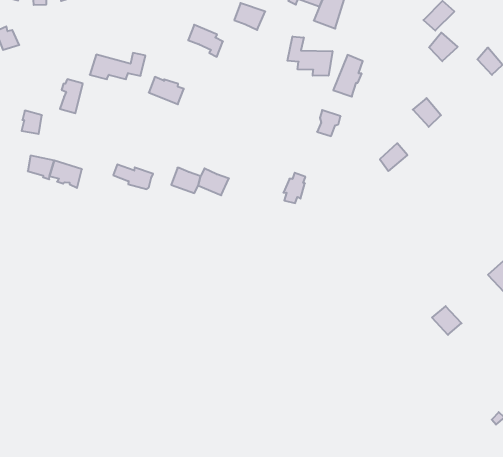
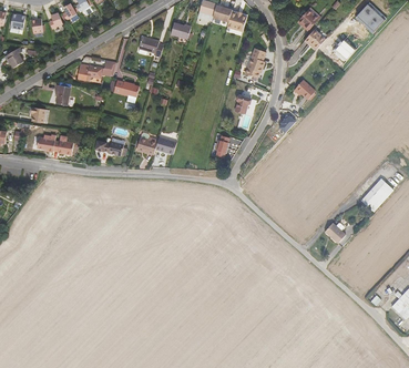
building: [287,36,332,76] -> none

